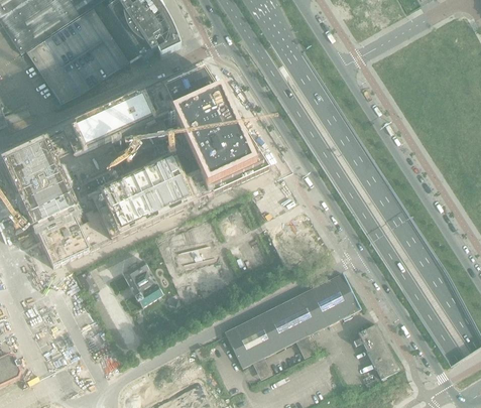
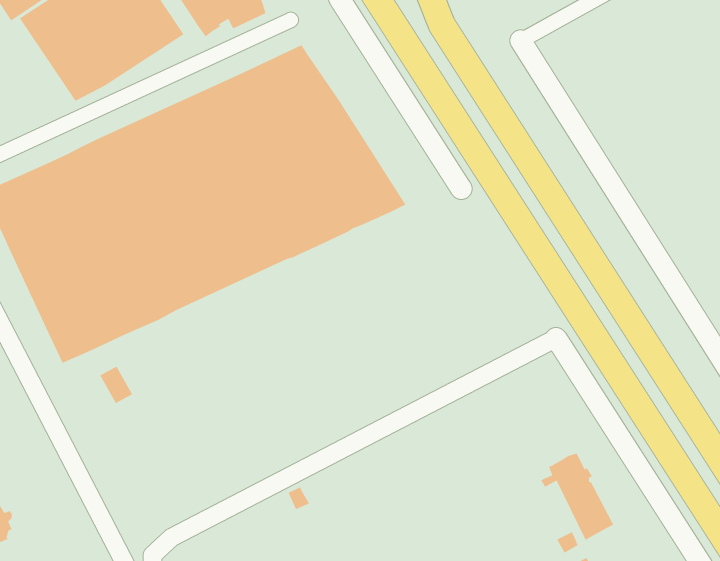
building: [121,258,162,305] -> none
building: [224,270,360,378] -> none

